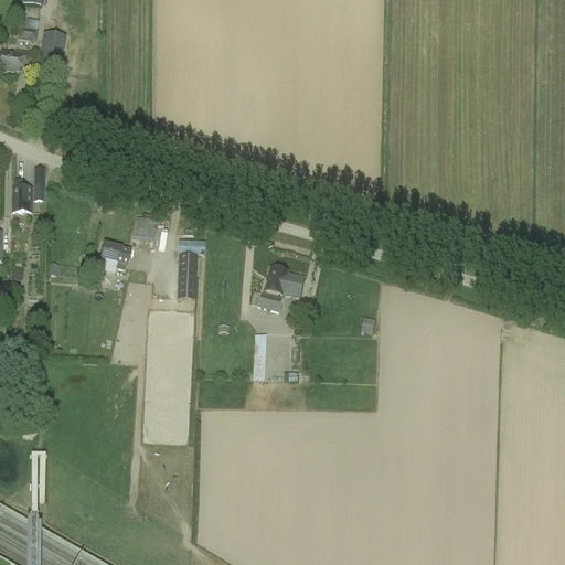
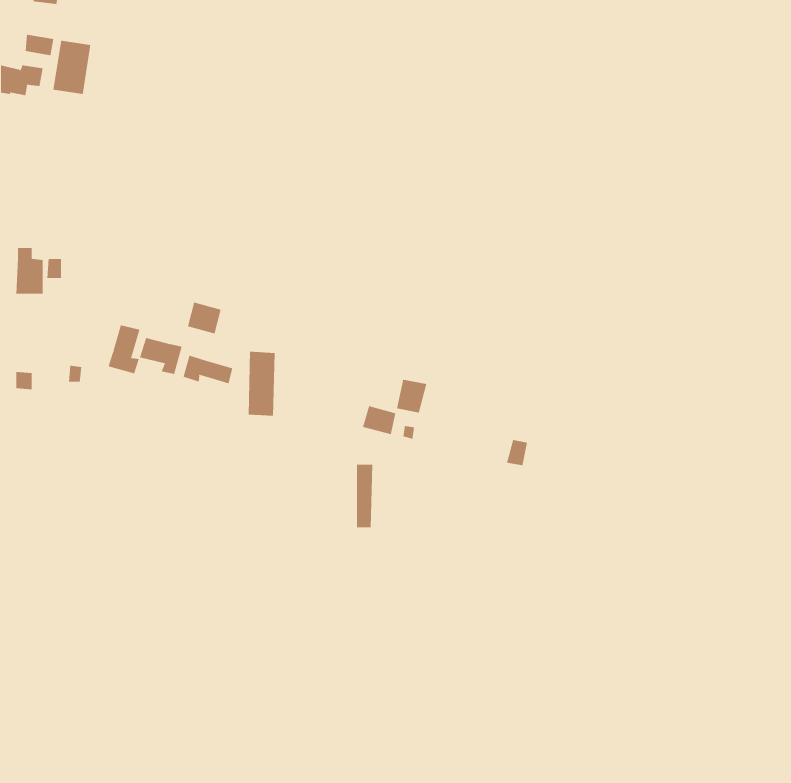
building: none -> [108,325,140,374]
building: none -> [183,355,233,384]
building: [265,264,288,292] -> none

